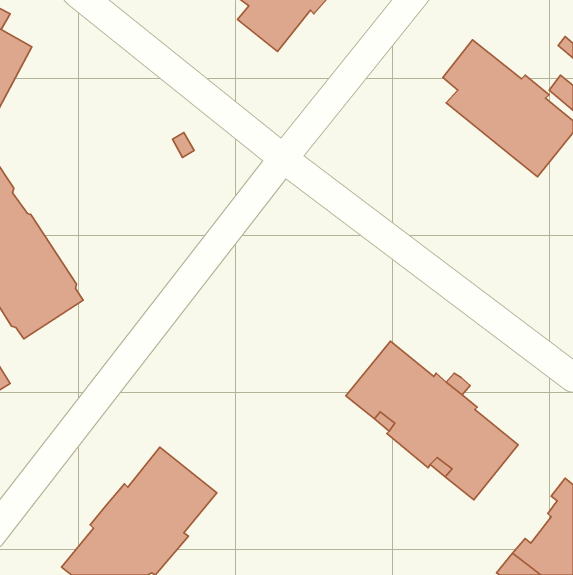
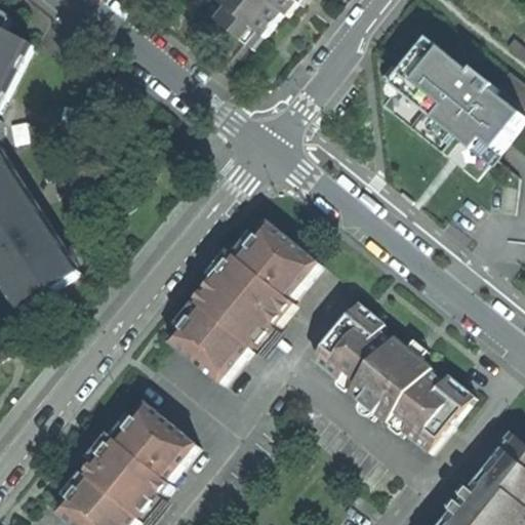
building: none -> [168,219,316,380]

